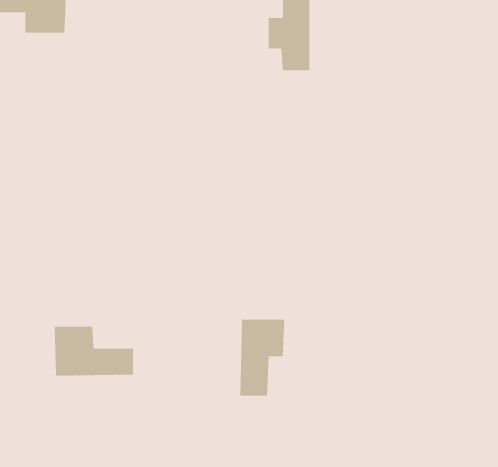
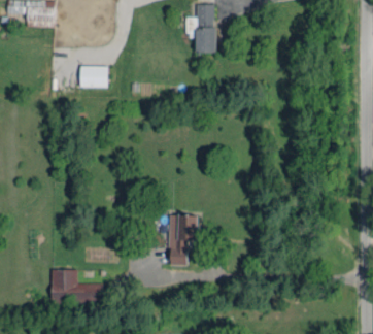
building: none -> [81,66,109,88]
building: [54,326,134,376] -> [52,270,104,303]

